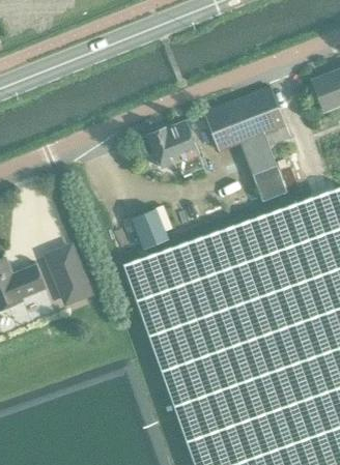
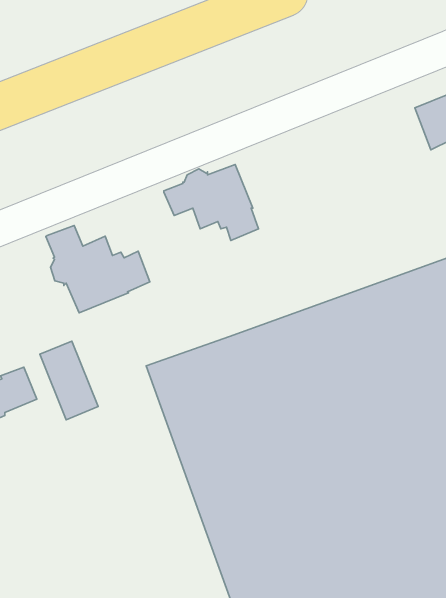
building: [204,87,290,201] -> none
building: none -> [46,226,150,313]
building: [132,208,168,249] -> none

